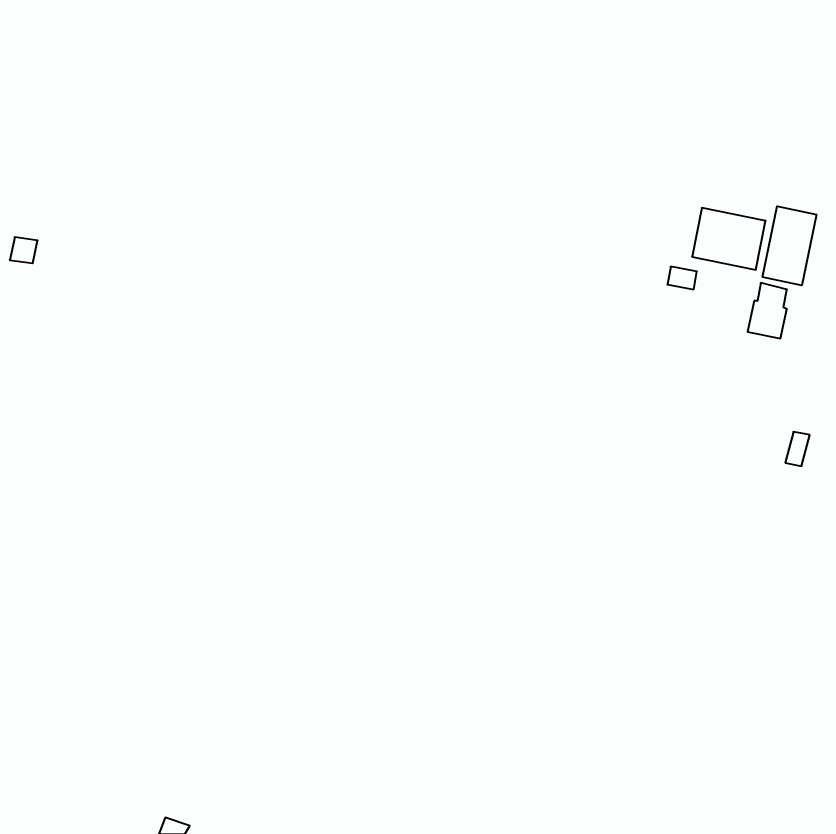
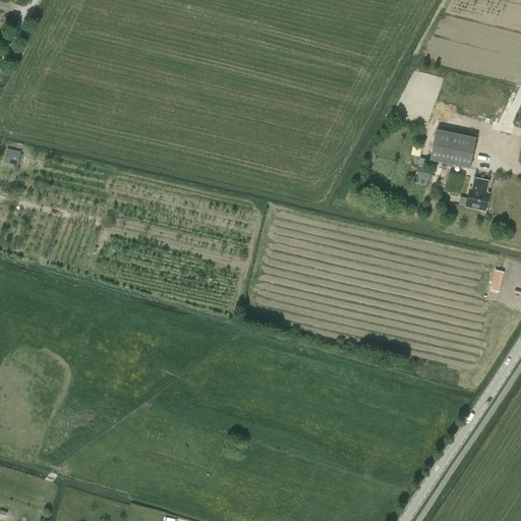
building: [763,206,816,285] -> none

